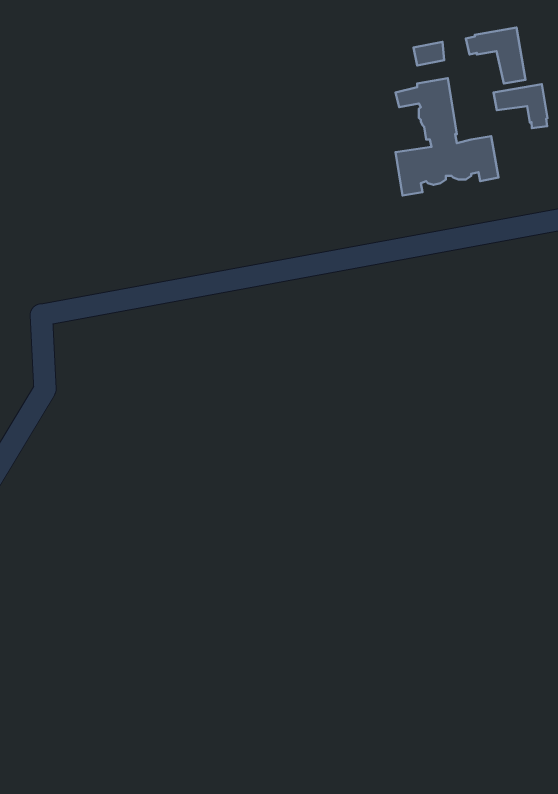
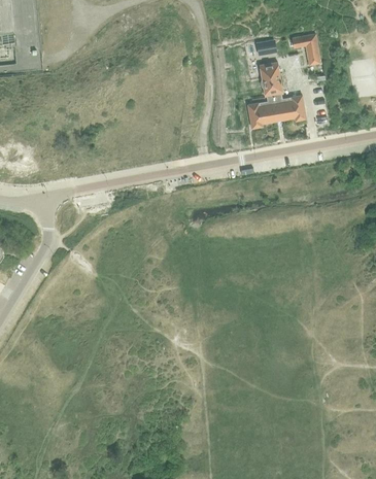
building: [493,84,548,128] -> none

